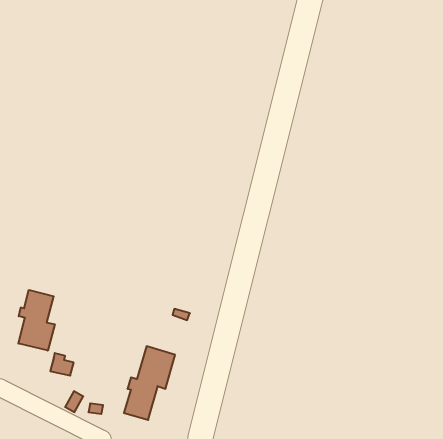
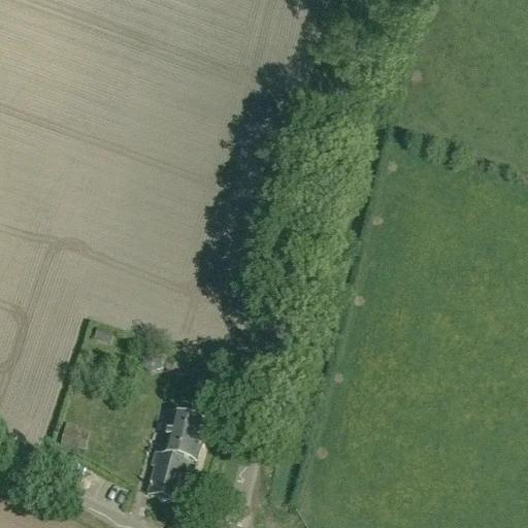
building: [18,290,55,351] -> none

